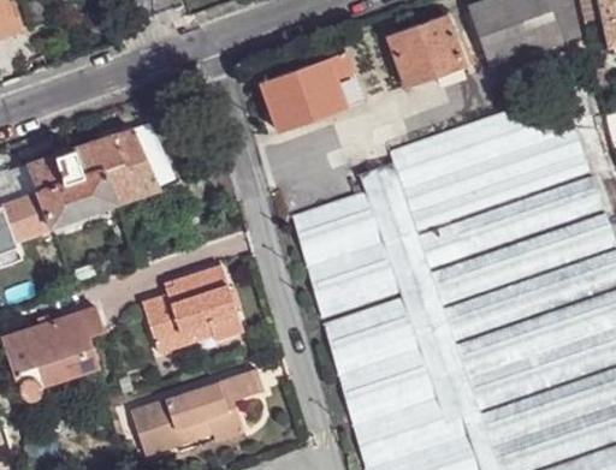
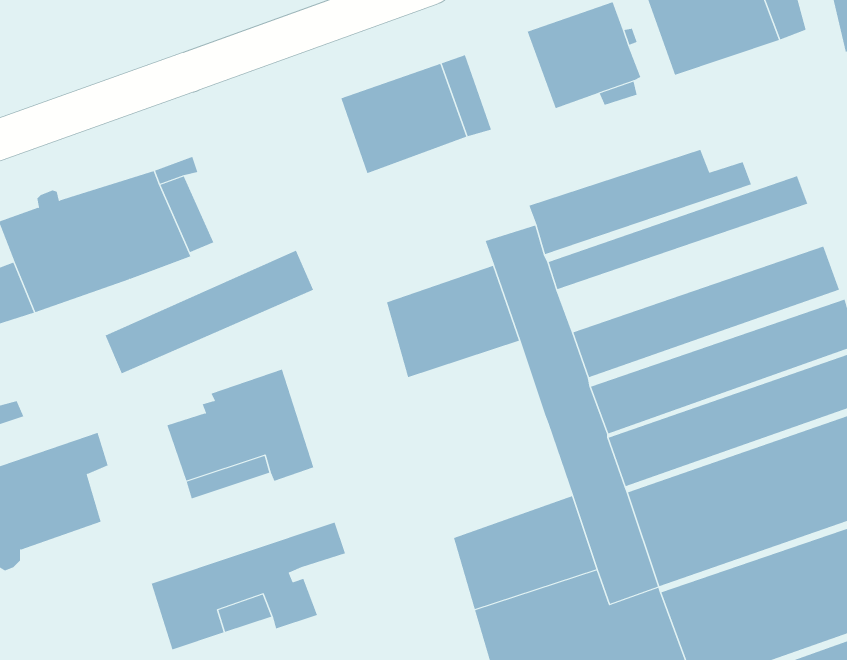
building: [410,150,593,238] -> none
building: none -> [105,250,314,374]
building: [308,244,402,321] -> none
building: [325,301,421,379] -> none

